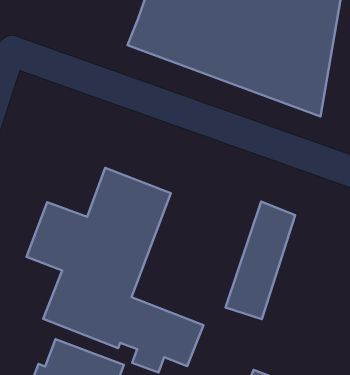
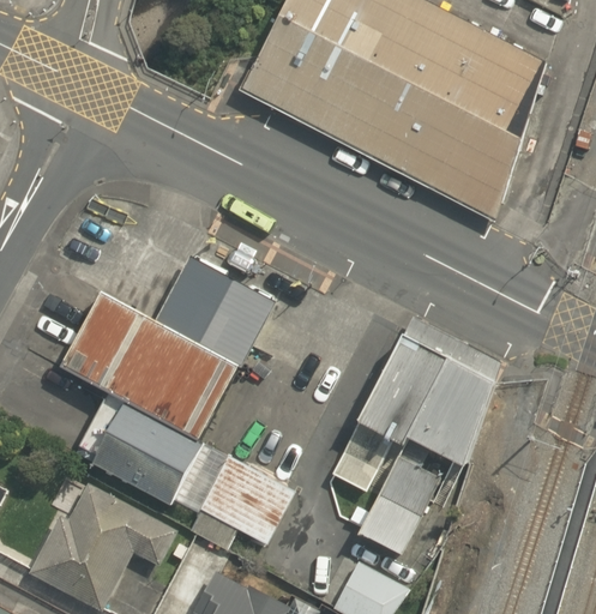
building: none -> [360,355,489,553]

